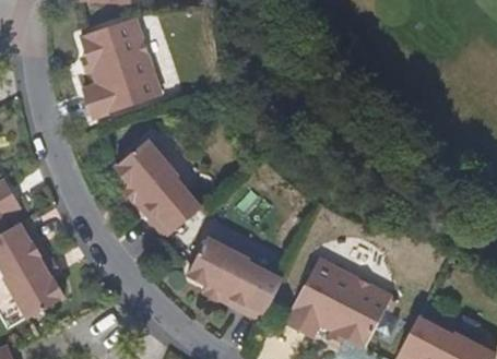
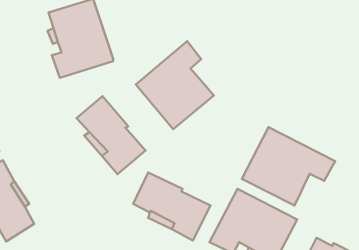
building: none -> [136,41,214,129]
building: none -> [242,127,335,205]

